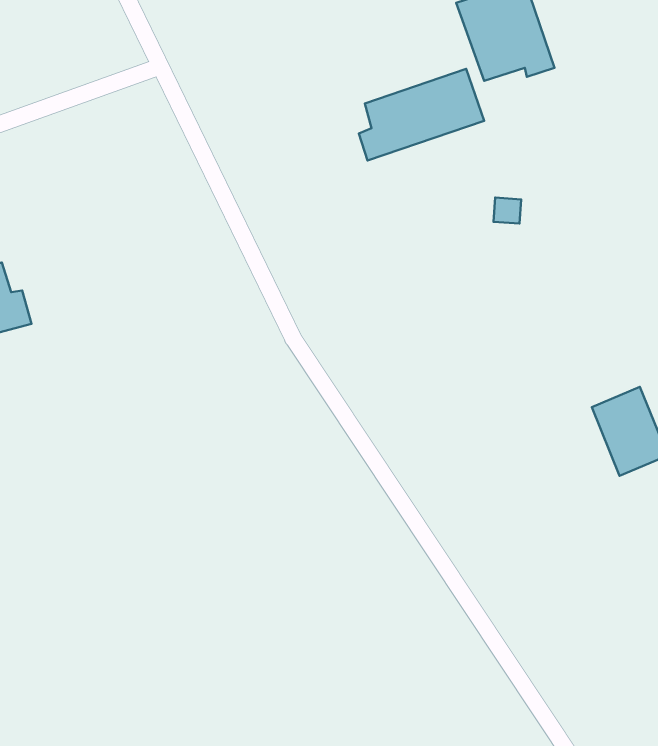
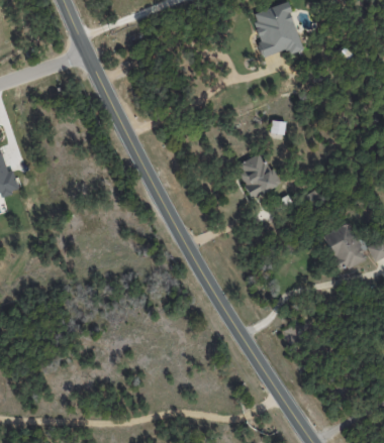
building: [359,69,484,161] -> none
building: none -> [234,150,279,198]

